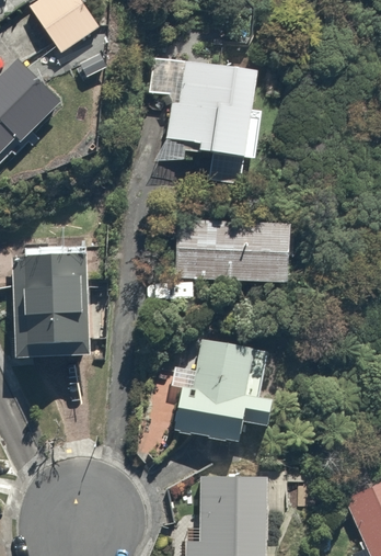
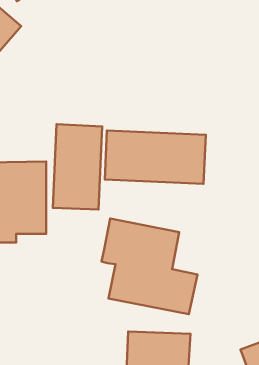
building: [130,57,264,161] -> none
building: none -> [53,124,102,209]

